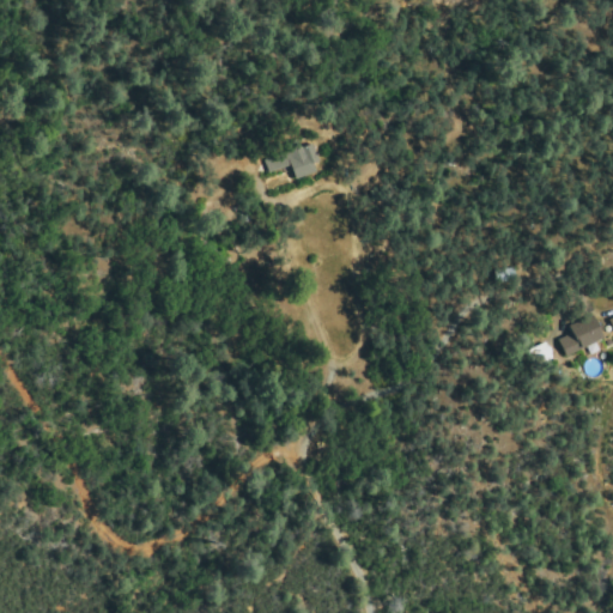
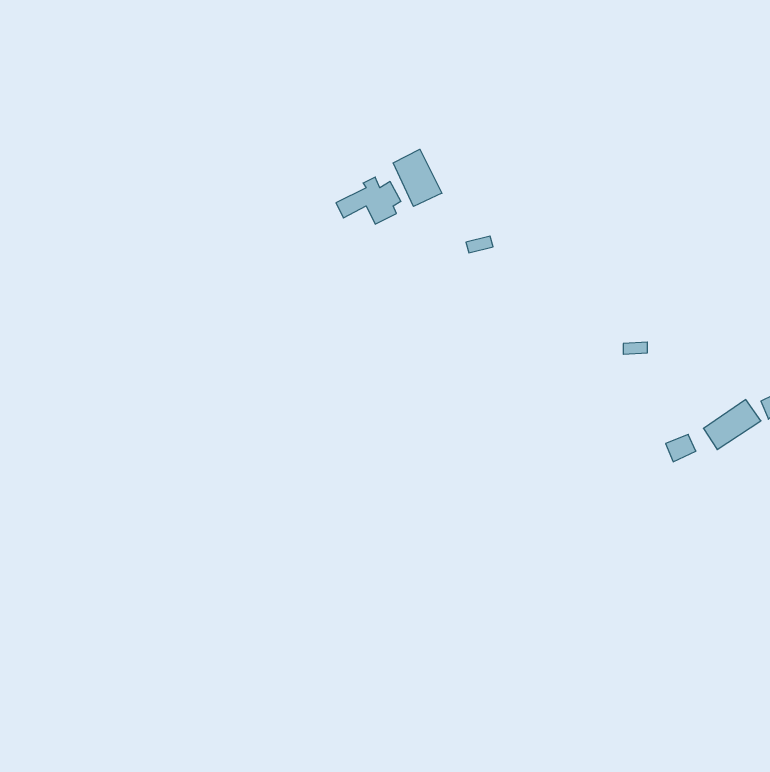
building: none -> [393,149,442,206]

